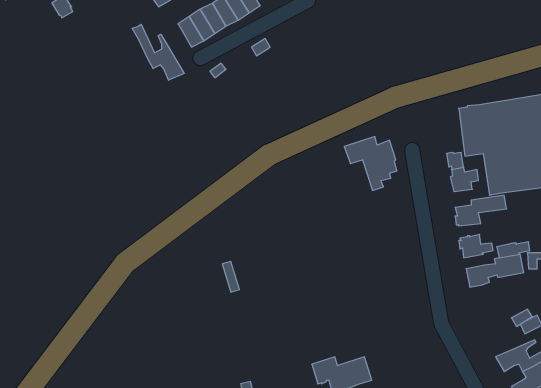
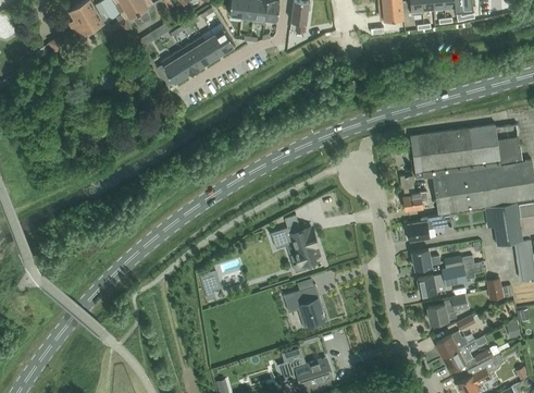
building: [132,24,184,80] -> none
building: [344,137,397,190] -> [271,225,318,273]
building: none -> [283,286,326,329]
building: none -> [427,295,469,324]
building: none -> [435,331,477,358]

